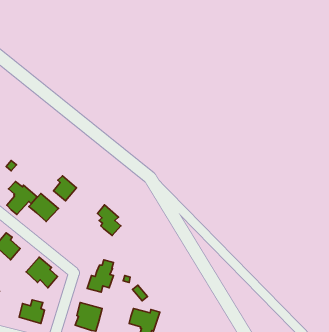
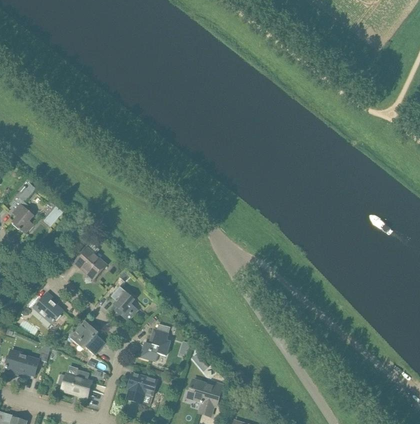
building: [54,176,76,201] -> none
building: [7,181,37,214] -> none
building: [97,205,121,235] -> [110,285,137,320]

